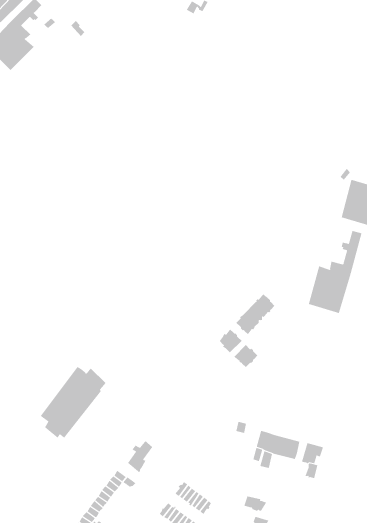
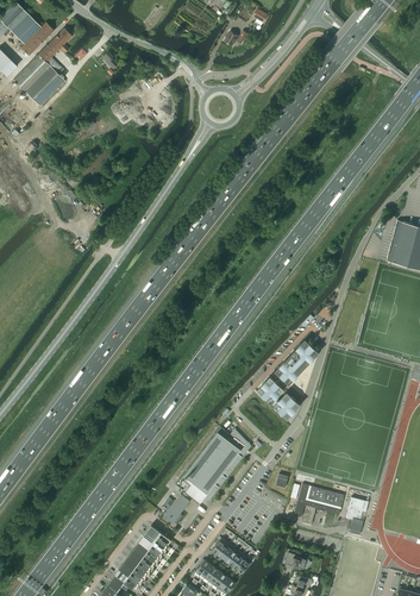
building: [308,230,362,314] -> none
building: [40,366,106,439] -> [181,428,251,504]

